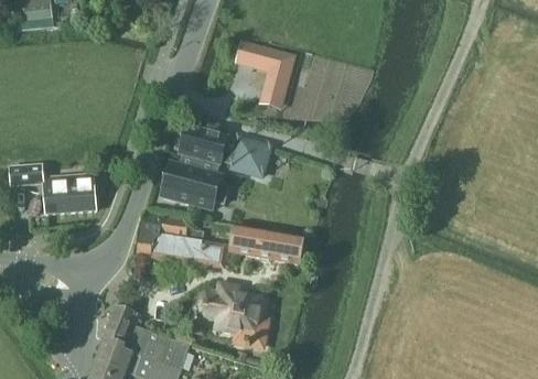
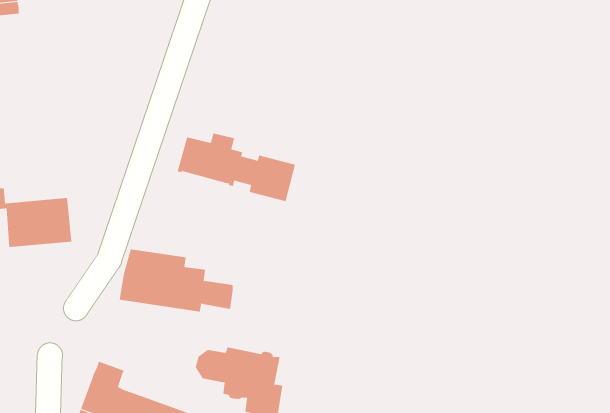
building: [252,45,294,93] -> none
building: [161,153,232,210] -> none
building: [227,225,302,266] -> none

